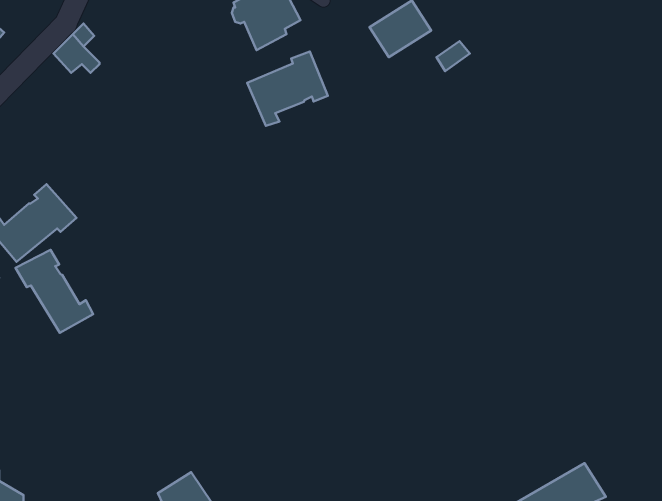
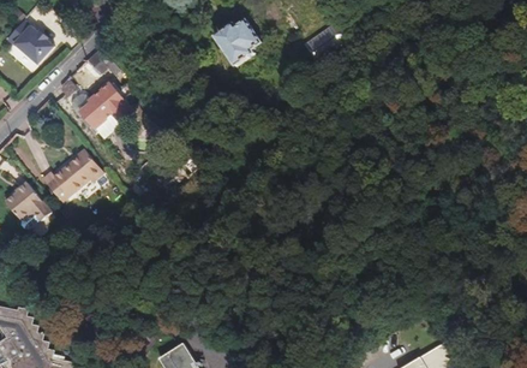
building: [247,51,328,126] -> none
building: none -> [77,82,130,129]
building: [16,250,93,333] -> none

